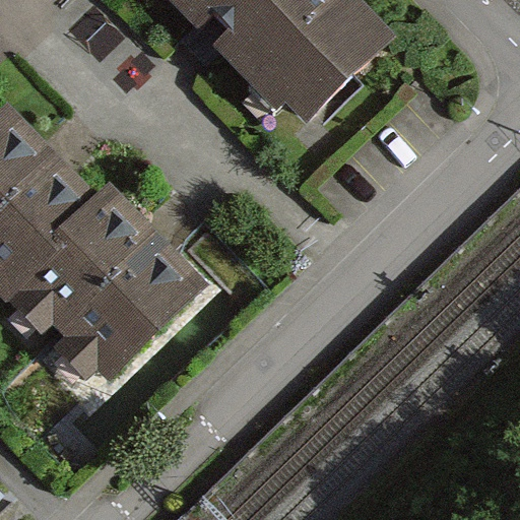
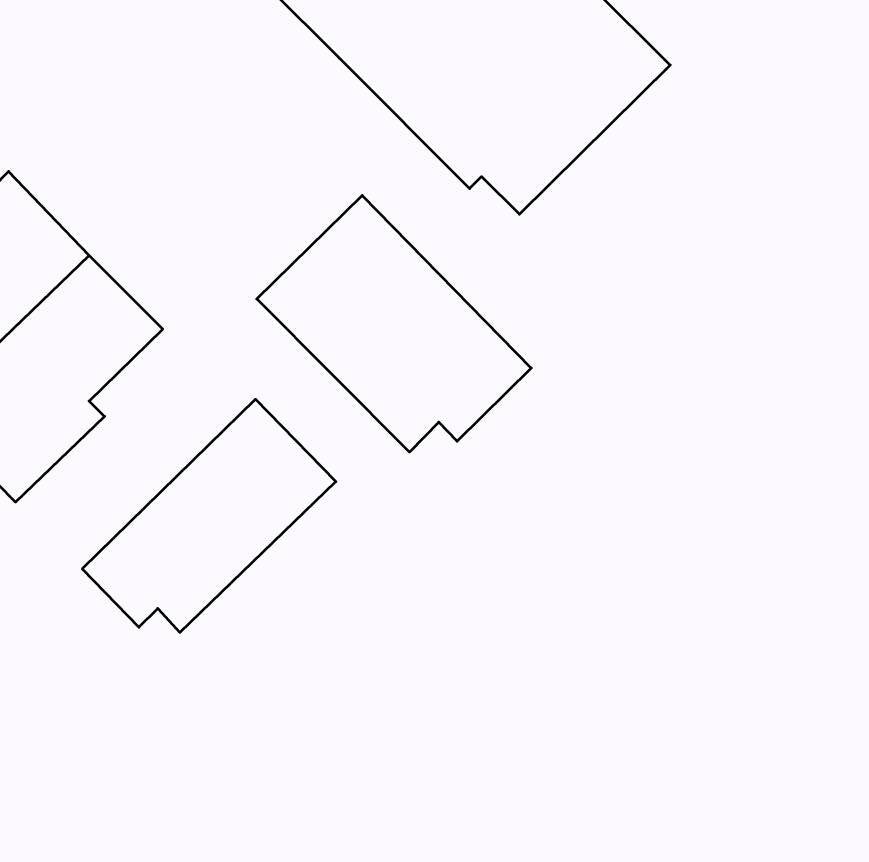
building: none -> [257,195,531,452]
building: [9,188,151,337] -> none

